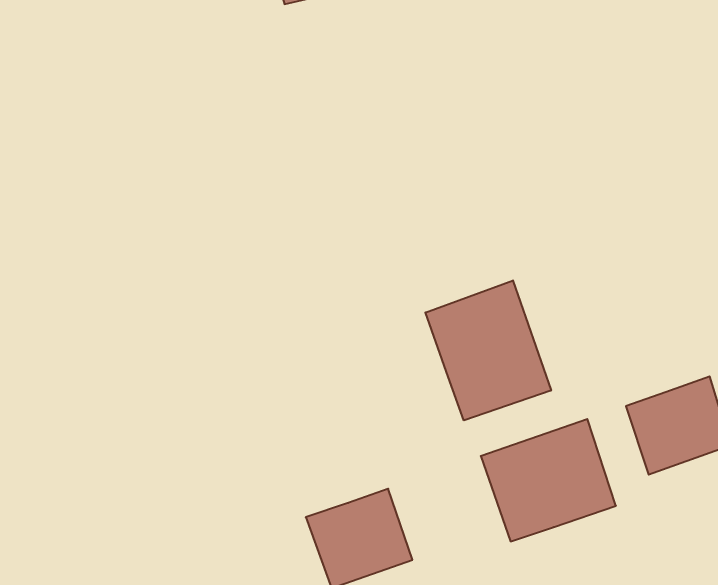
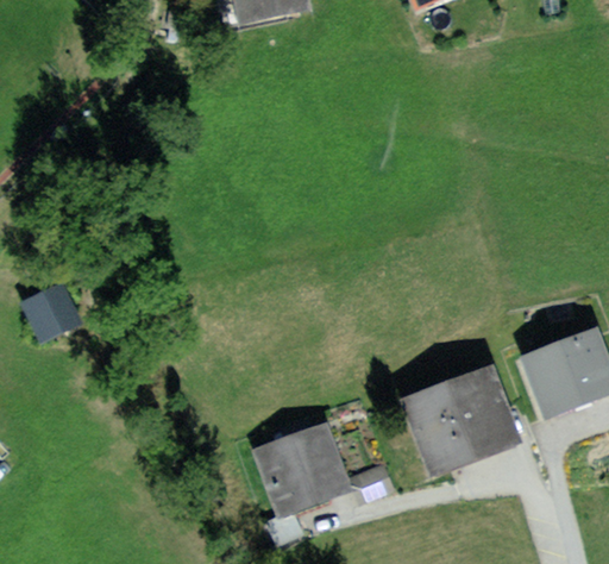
building: [425,280,551,420] -> none
building: none -> [27,284,77,334]

